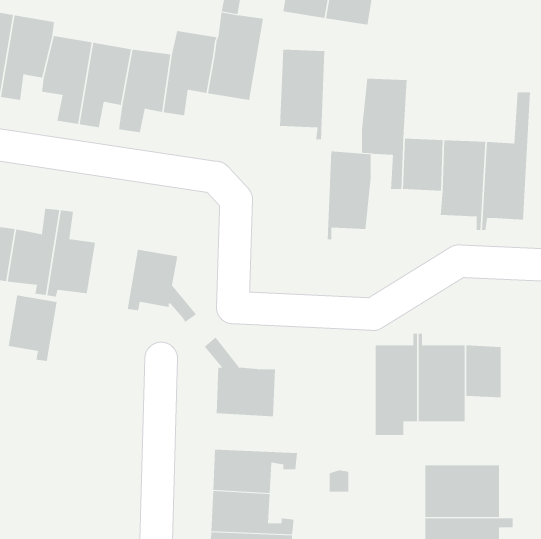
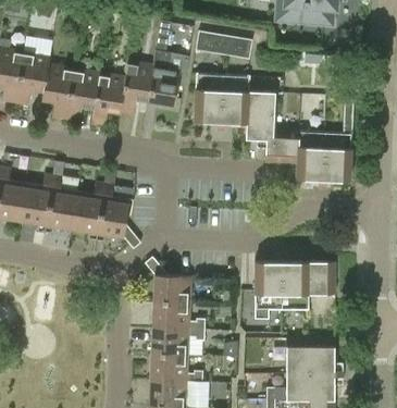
building: [327,151,371,240] -> [221,74,249,131]
building: [8,295,58,362] -> [72,196,103,238]
building: none -> [152,305,206,330]

